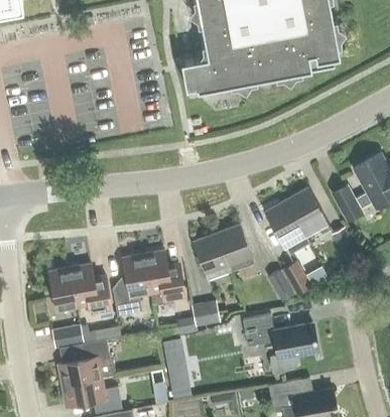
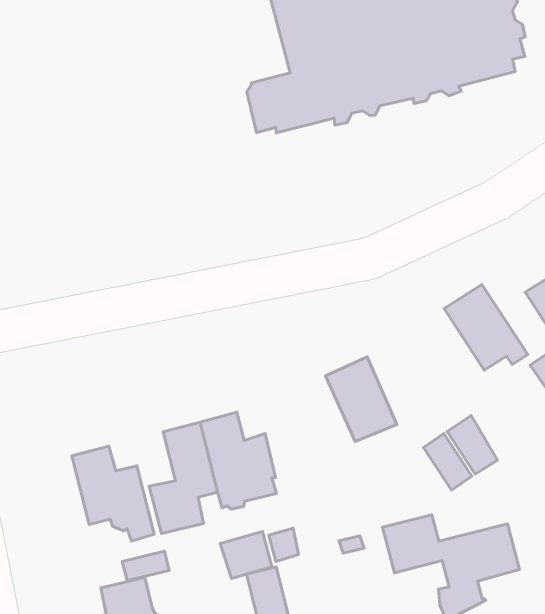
building: [264,199,309,255] -> none
building: [192,233,230,280] -> none
building: [48,268,77,311] -> none
building: [190,301,219,326] -> [220,532,272,578]
building: [51,325,83,348] -> none

